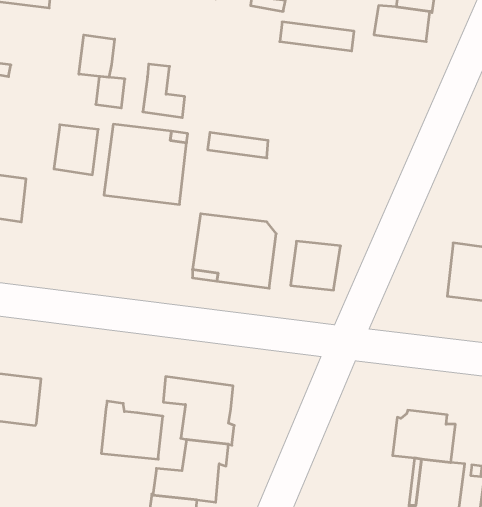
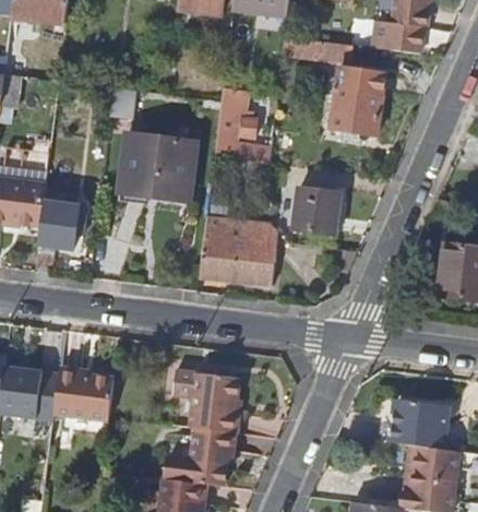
building: [79,35,115,77] -> none
building: none -> [331,69,386,139]
building: [143,64,185,118] -> [218,87,258,138]
building: [54,125,98,175] -> [39,200,81,247]
building: [291,241,341,290] -> [294,190,340,236]
building: [101,401,163,459] -> [55,364,112,418]

